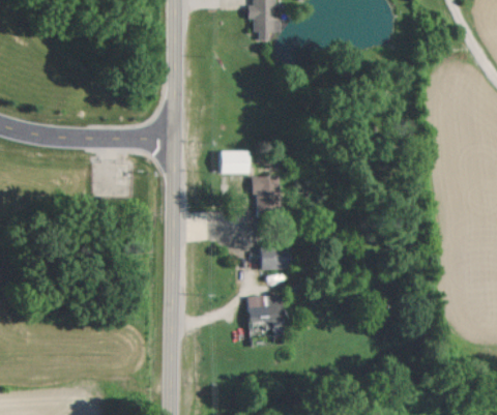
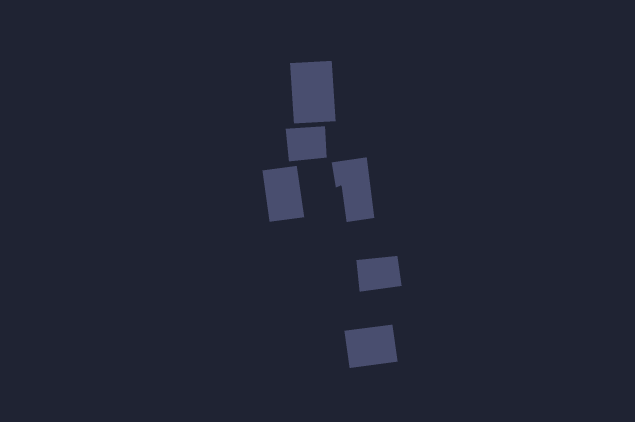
building: none -> [289,60,336,124]
building: none -> [262,165,305,223]

